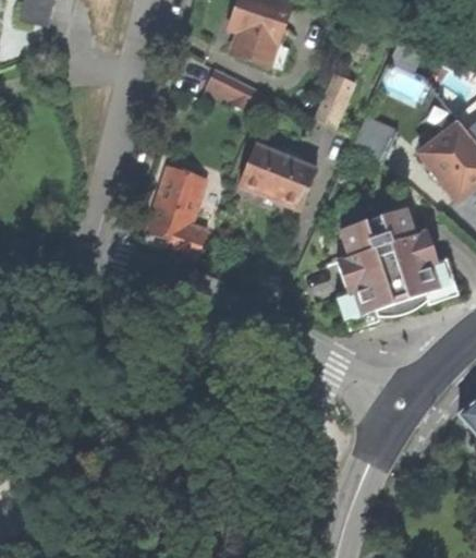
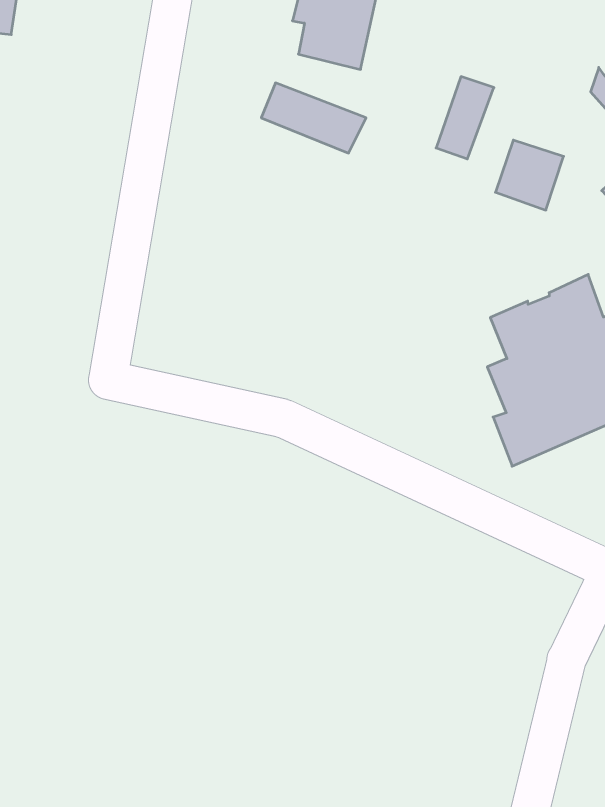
building: [241,143,317,208] -> none
building: [148,166,209,262] -> none

